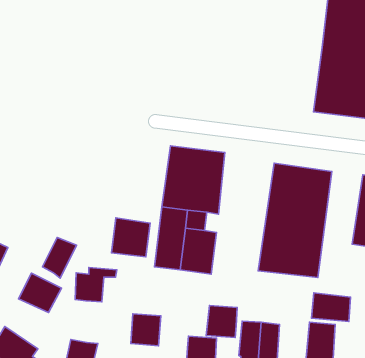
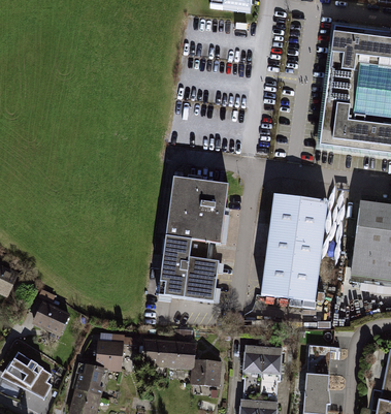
building: [111,218,150,257] -> none
building: [42,238,77,278] -> none
building: [75,268,117,302] -> [96,335,136,368]
building: [311,293,351,322] -> none
building: [206,305,237,337] -> [165,340,195,371]

